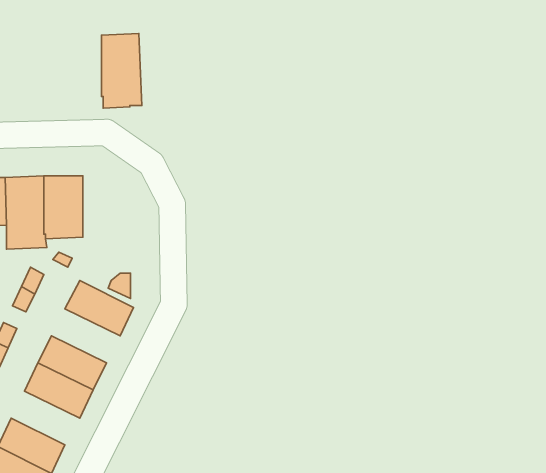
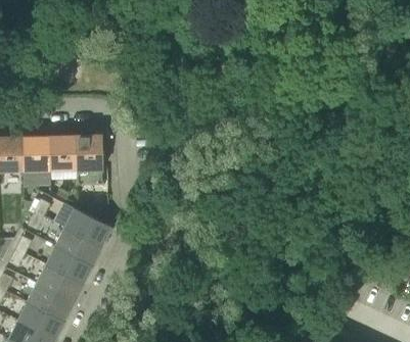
building: [102,34,142,108] -> [77,135,104,186]
building: none -> [55,227,102,263]
building: none -> [28,283,75,320]

